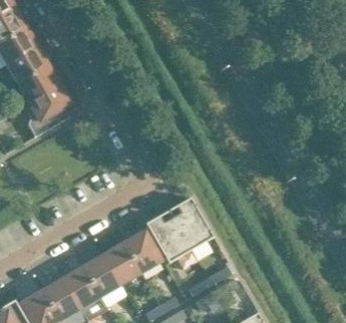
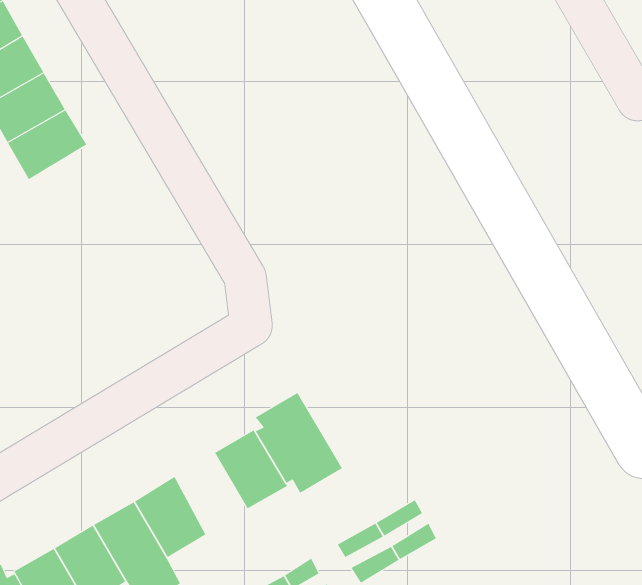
building: [26,83,70,137] -> none
building: [167,197,214,250] -> none
building: [104,242,141,284] -> none

